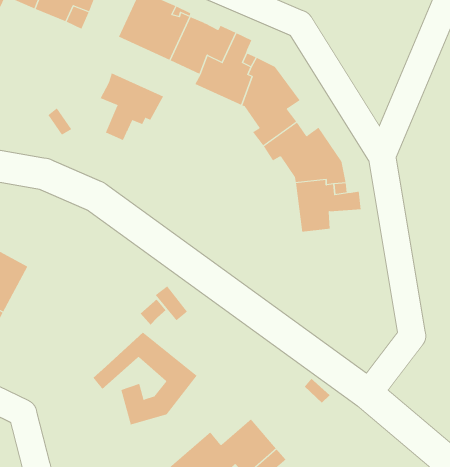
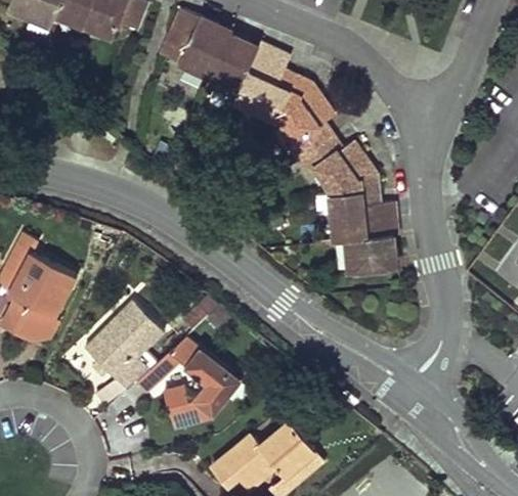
building: [100,73,164,141] -> none
building: none -> [348,220,396,271]
building: none -> [85,301,163,390]

